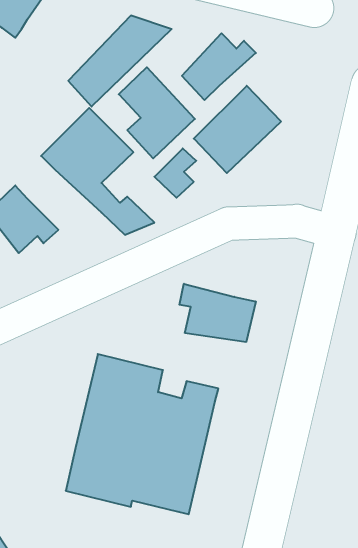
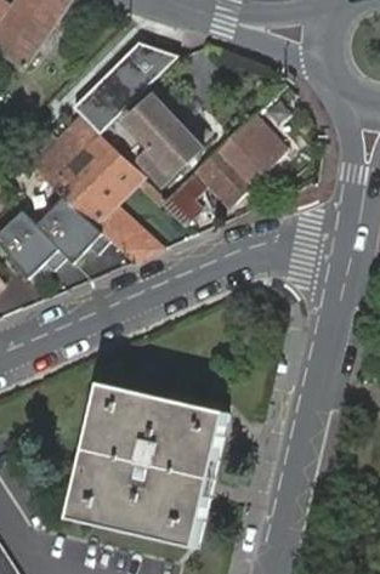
building: [182,33,256,100] -> none
building: none -> [24,120,96,184]
building: none -> [35,198,108,266]
building: [179,284,256,342] -> none

